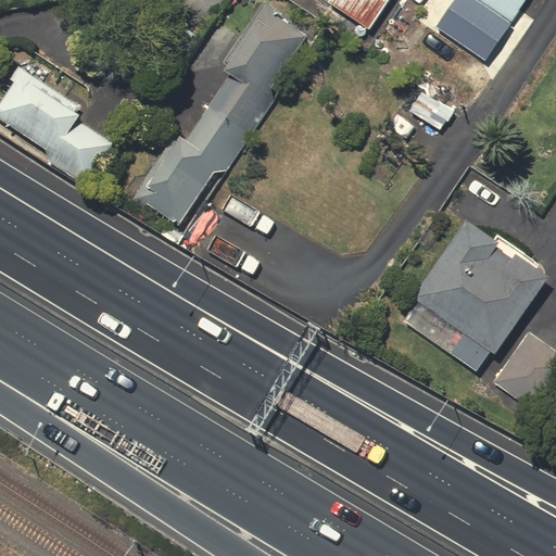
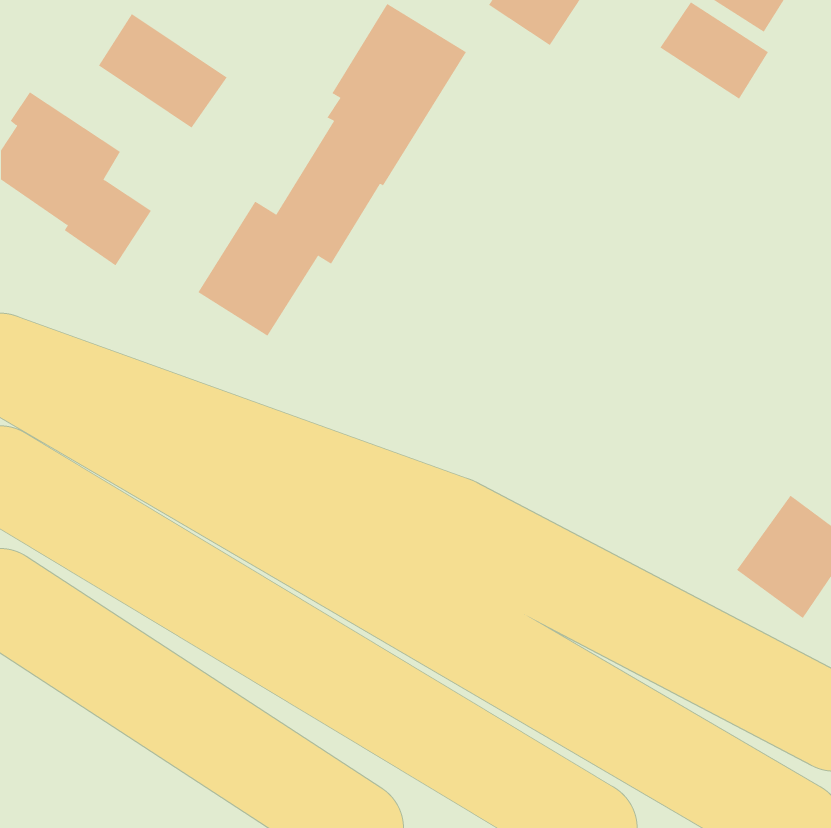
building: none -> [98,13,228,129]
building: [401,222,549,369] -> none

